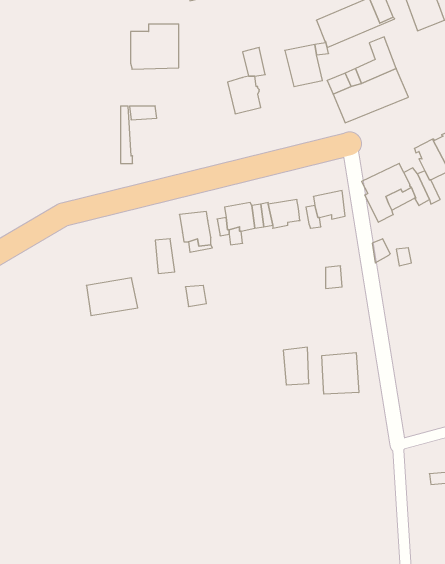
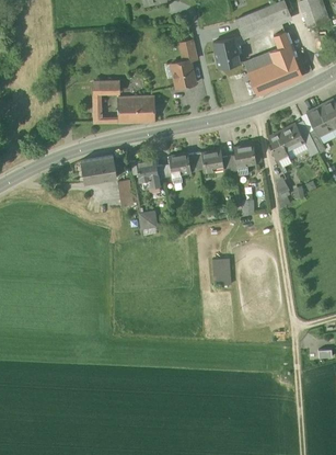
building: [131,24,179,69] -> [118,90,153,123]
building: [86,278,138,316] -> [80,155,117,182]
building: [322,353,359,394] -> none

